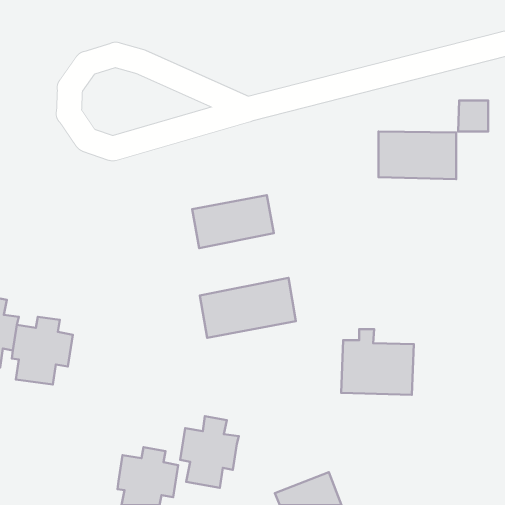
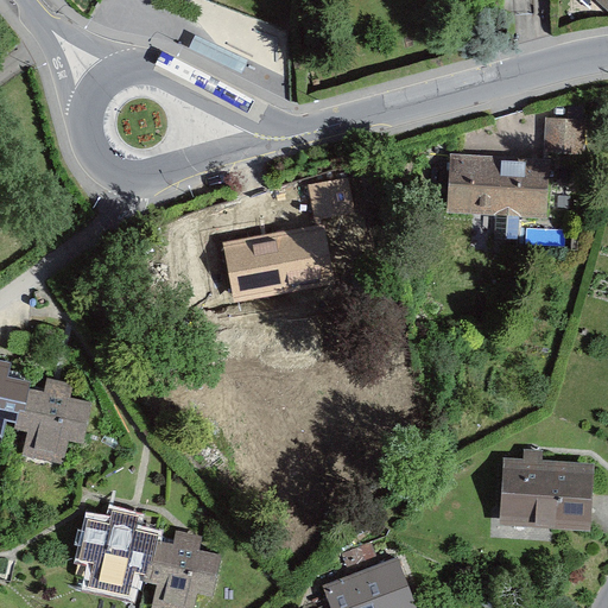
building: [200,278,296,338] -> none
building: [341,329,414,395] -> [501,448,588,526]
building: [180,416,239,488] -> [78,509,148,595]

